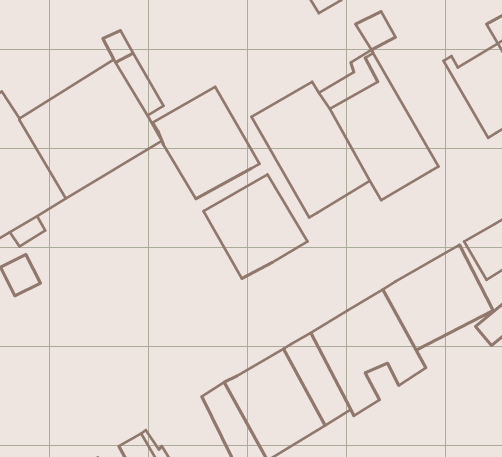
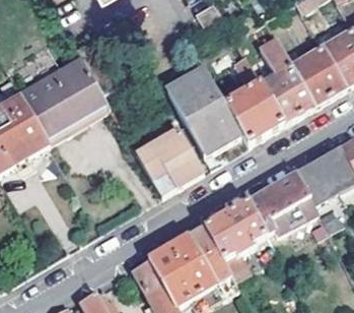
building: none -> [257,34,315,123]
building: [153,87,260,199] -> none

